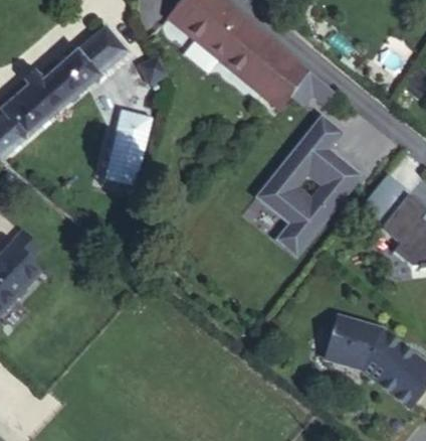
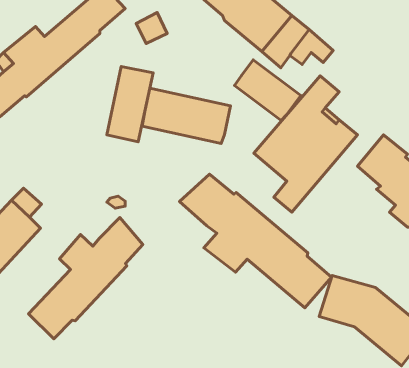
building: none -> [234,60,301,121]
building: none -> [142,88,230,143]
building: none -> [180,174,332,308]
building: none -> [29,218,143,339]

